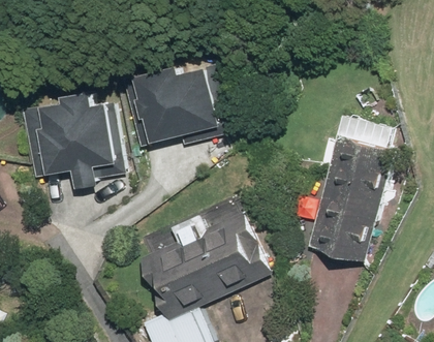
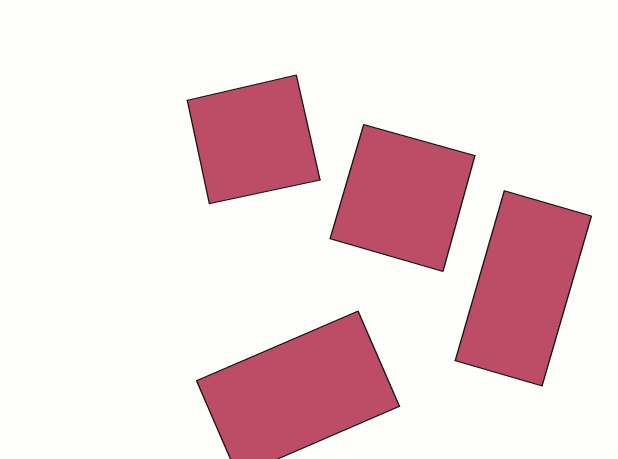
building: none -> [330,125,475,271]
building: [32,94,124,187] -> none

